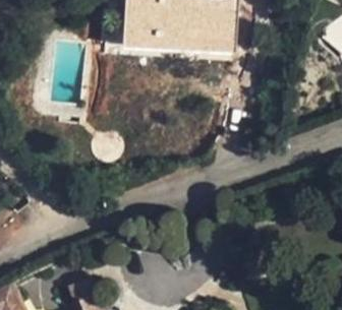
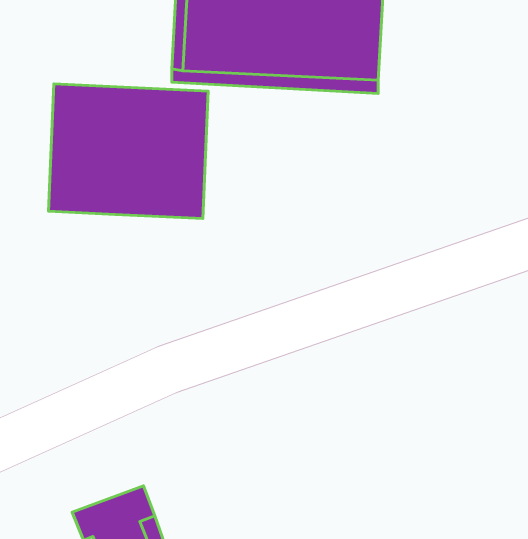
building: none -> [48,84,208,218]

